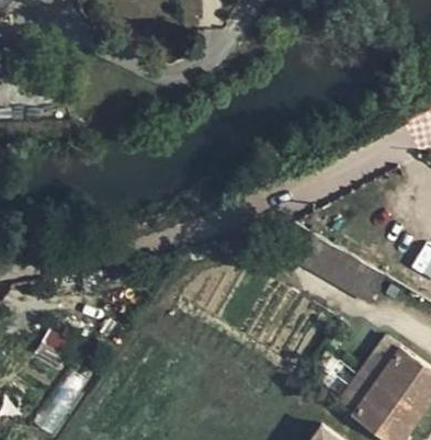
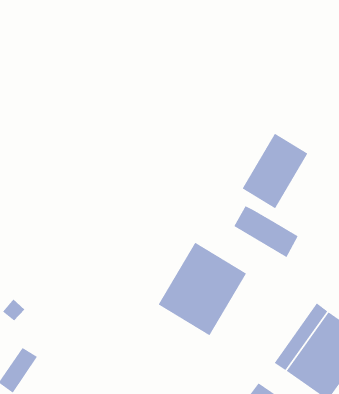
building: none -> [242,133,308,209]
building: none -> [158,242,247,336]

